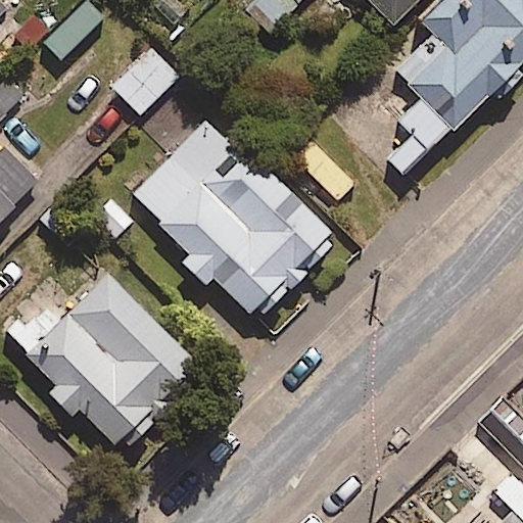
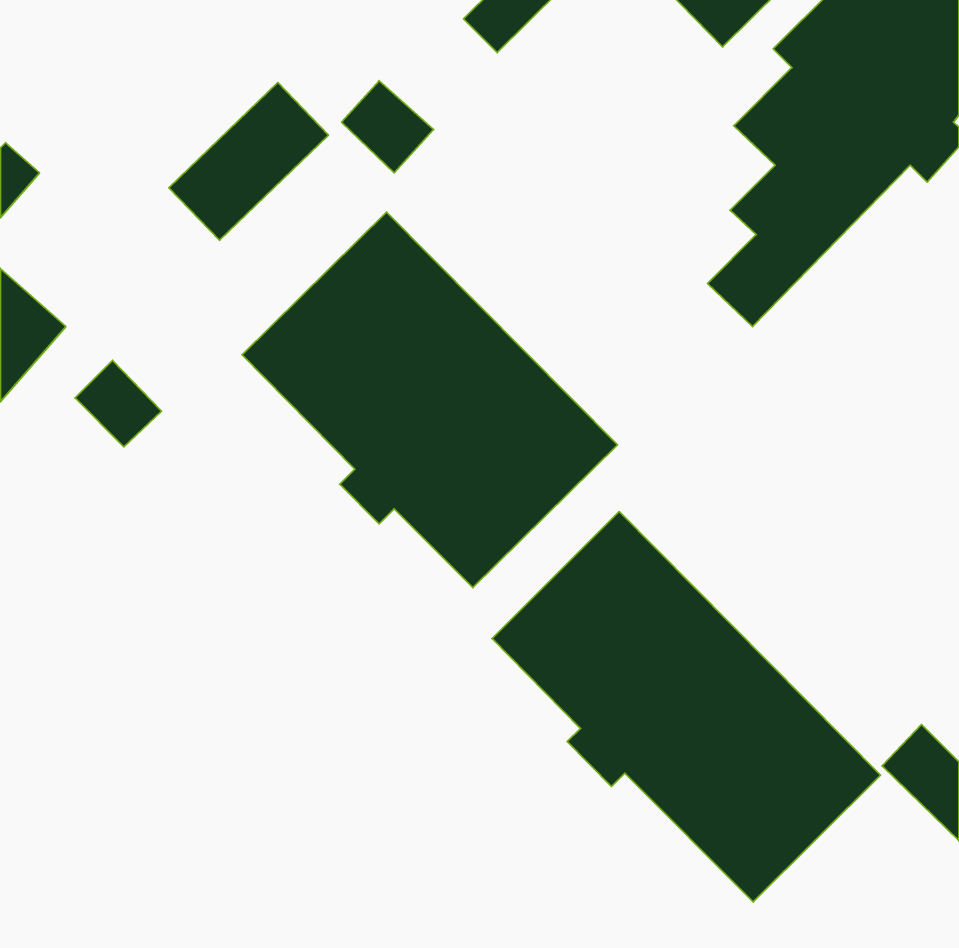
building: [25,273,201,448] -> none
building: none -> [492,512,880,902]

